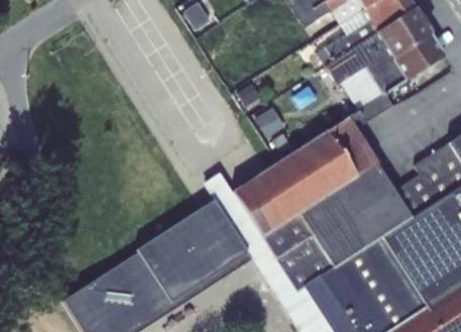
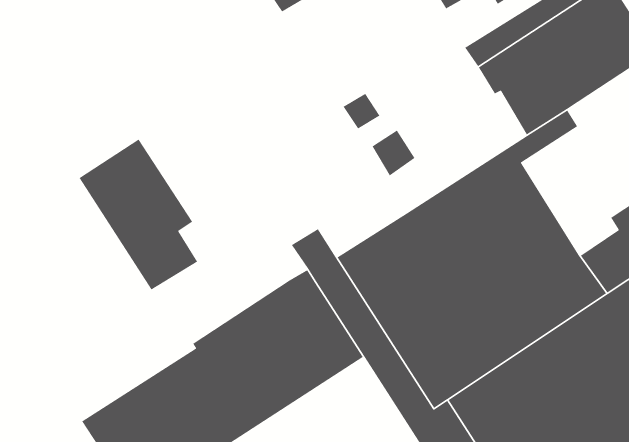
building: none -> [78,138,198,291]

